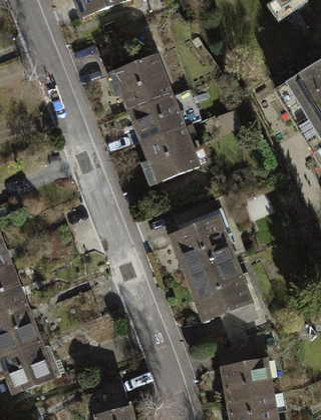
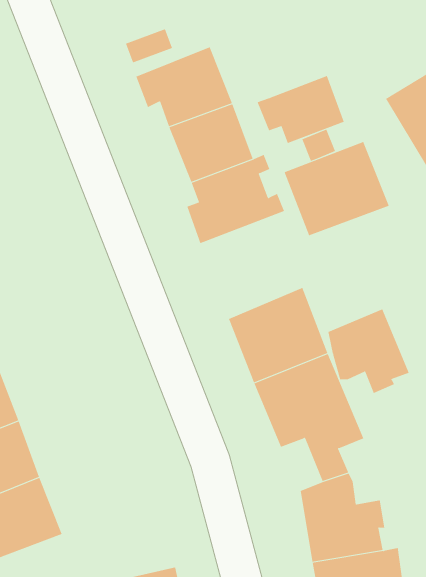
building: none -> [257,75,345,144]
building: none -> [284,141,390,236]
building: none -> [328,309,410,394]

